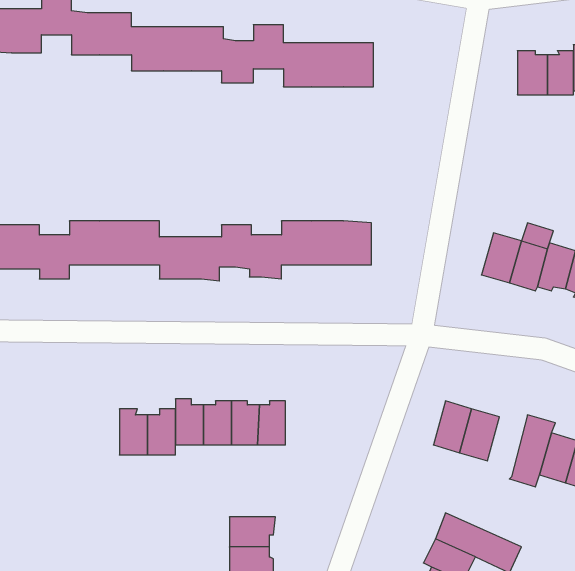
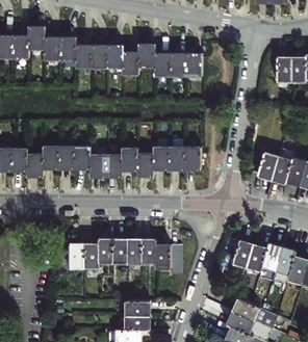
building: none -> [259,242,282,279]
building: none -> [156,244,182,273]

